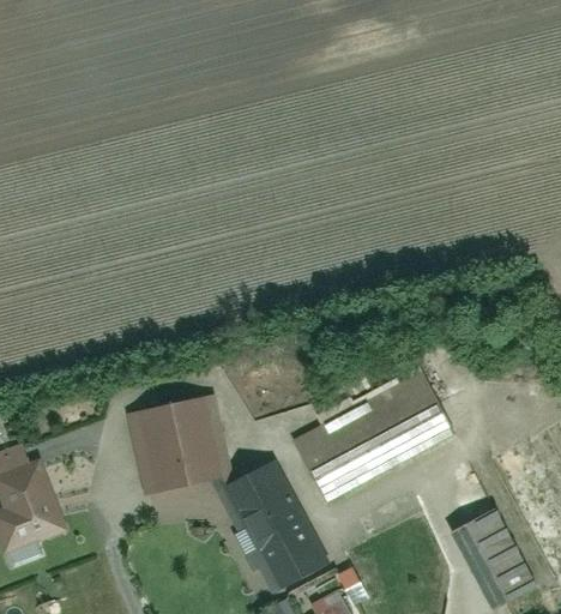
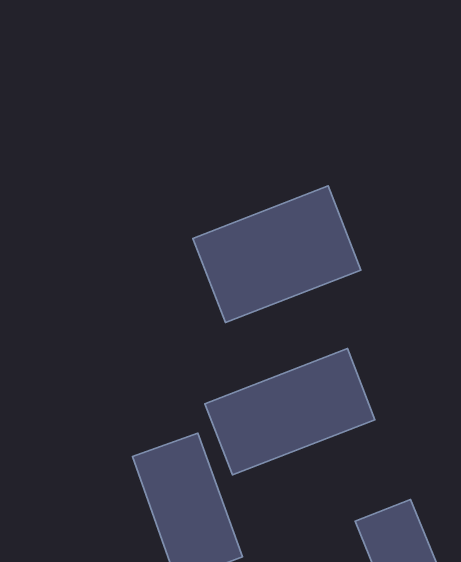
building: none -> [193,186,361,323]
building: [126,395,223,495] -> none

